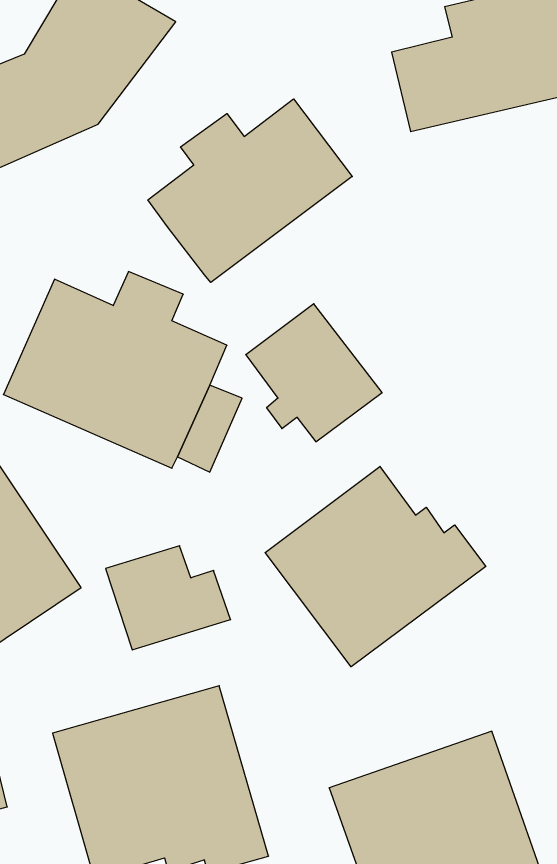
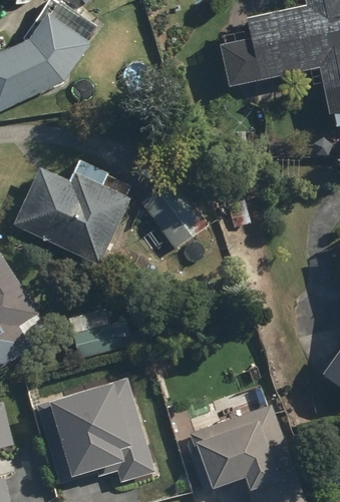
building: [148,99,352,282] -> none
building: [265,466,486,667] -> none

